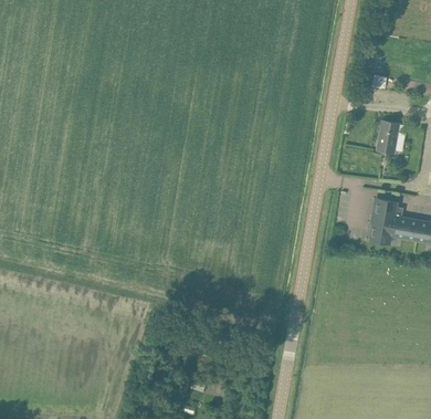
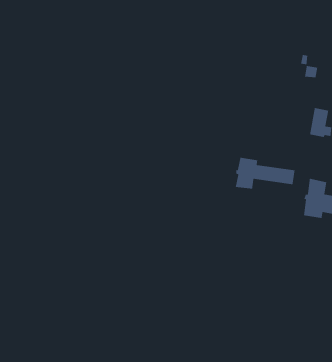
building: none -> [235,157,296,189]

